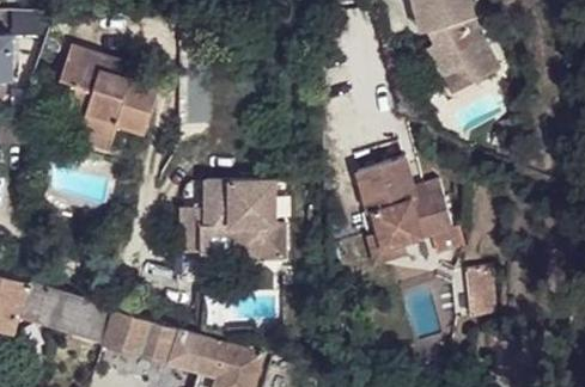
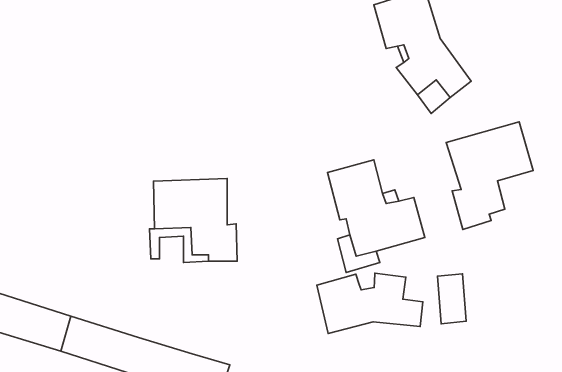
building: [59,48,157,153] -> none
building: none -> [446,122,533,229]
building: none -> [317,273,423,334]

